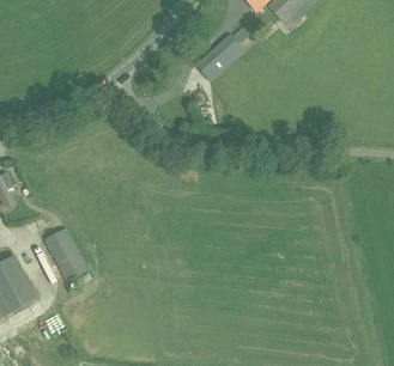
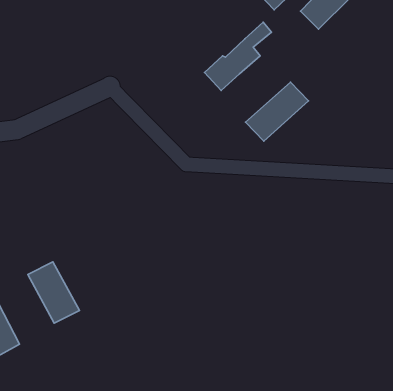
building: none -> [246,82,309,141]

